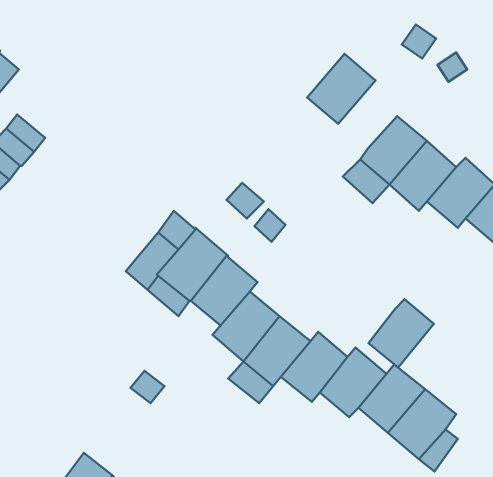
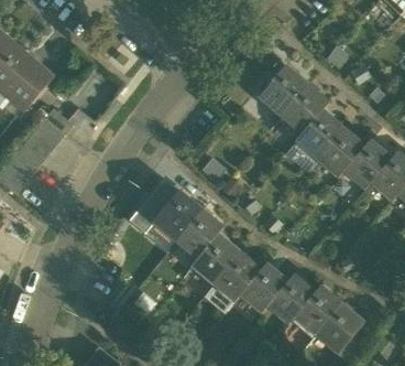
building: none -> [281,83,328,131]
building: [369,299,434,368] -> none

